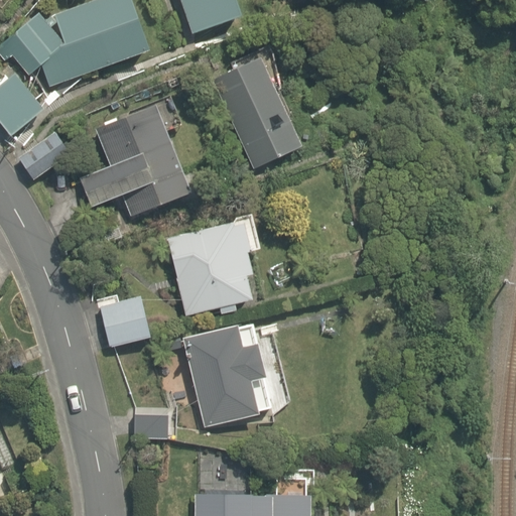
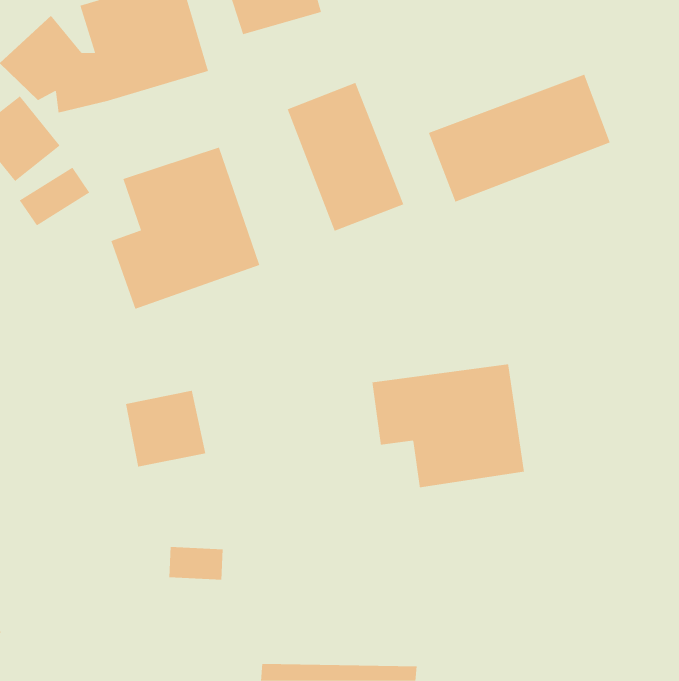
building: none -> [428,74,611,203]
building: [166,218,259,311] -> none
building: none -> [372,363,524,488]
building: [182,324,270,421] -> none

